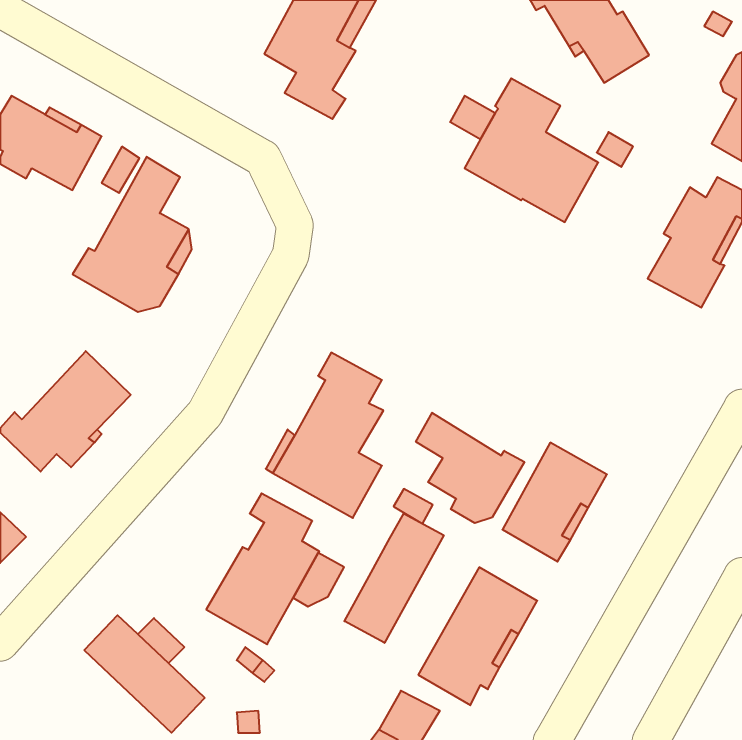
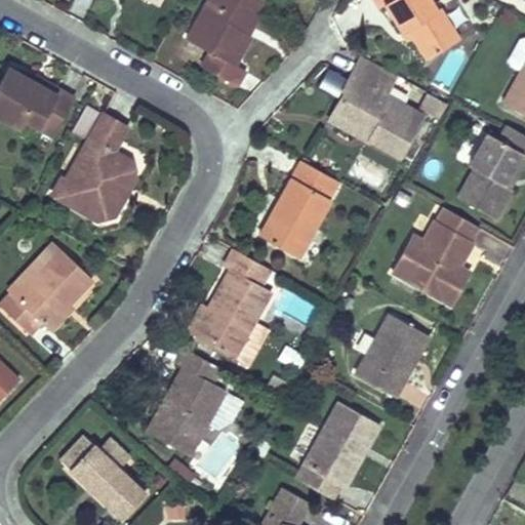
building: none -> [260,161,337,255]
building: none -> [393,208,479,306]
building: [416,413,524,523] -> none
building: [344,514,444,643] -> none

